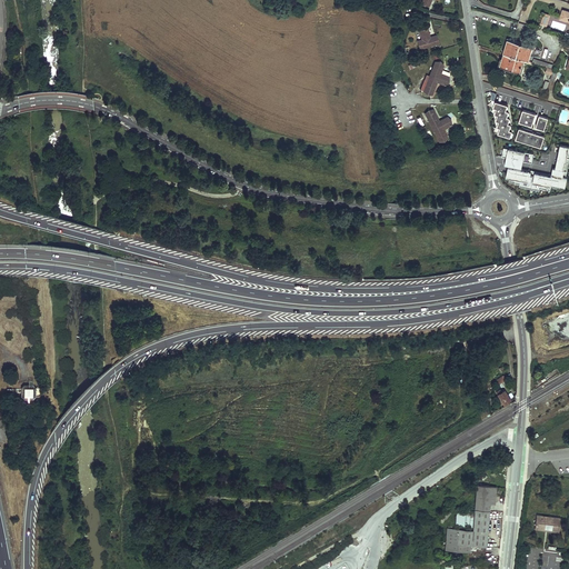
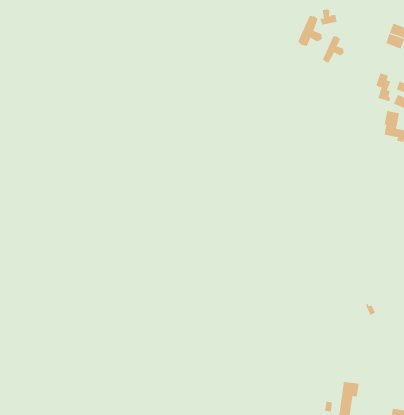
building: none -> [298,15,322,46]
building: [425,109,451,142] -> none

